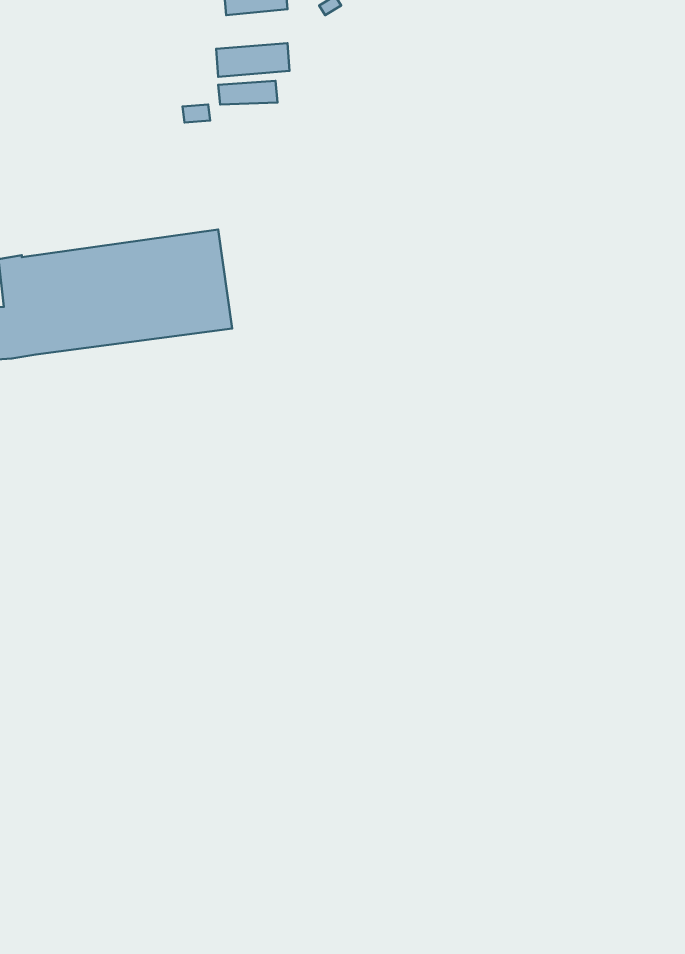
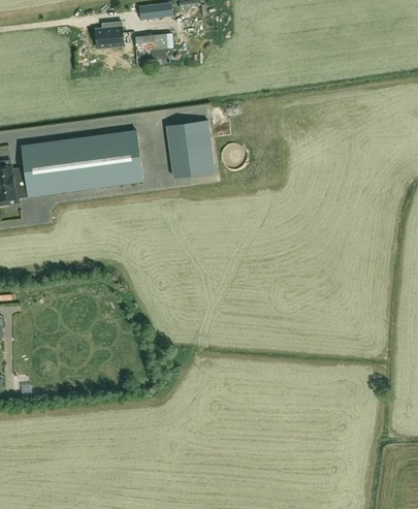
building: none -> [95,25,123,50]
building: none -> [166,119,215,177]

